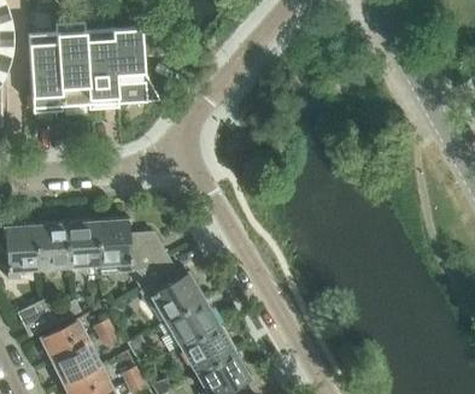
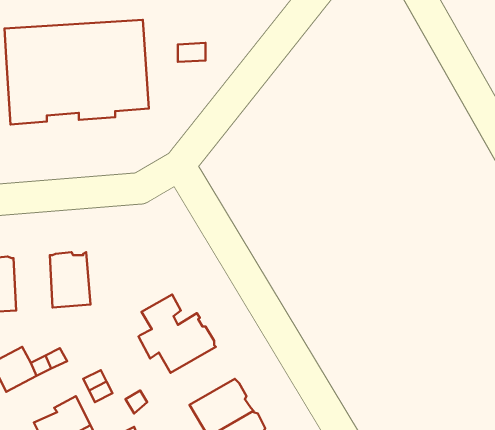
building: [95,219,166,290] -> none
building: [35,223,68,270] -> none
building: [165,300,218,348] -> none
building: [40,319,87,363] -> none

